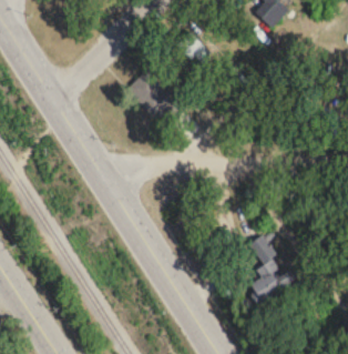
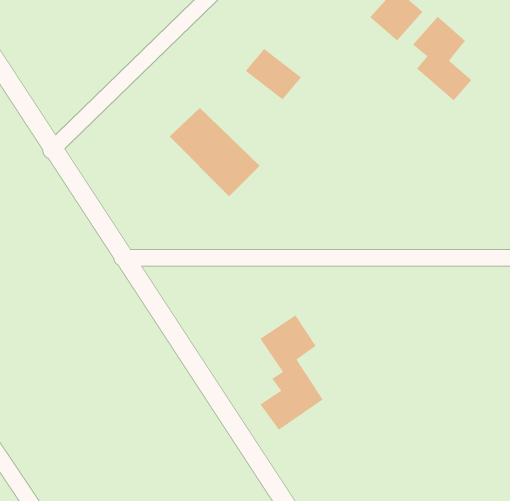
building: none -> [412,16,472,101]
building: [248,230,289,304] -> [259,315,323,431]

